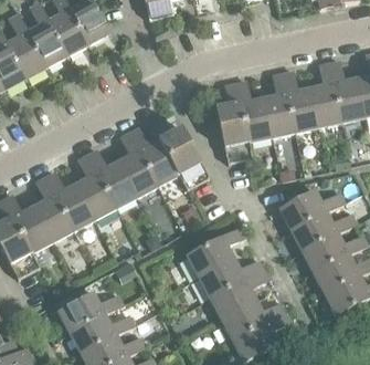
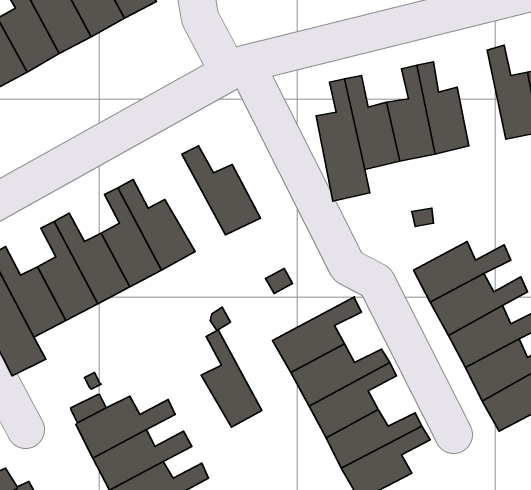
building: [308,64,340,127] -> none
building: [150,115,208,188] -> none
building: [116,133,156,197] -> [201,330,262,427]

